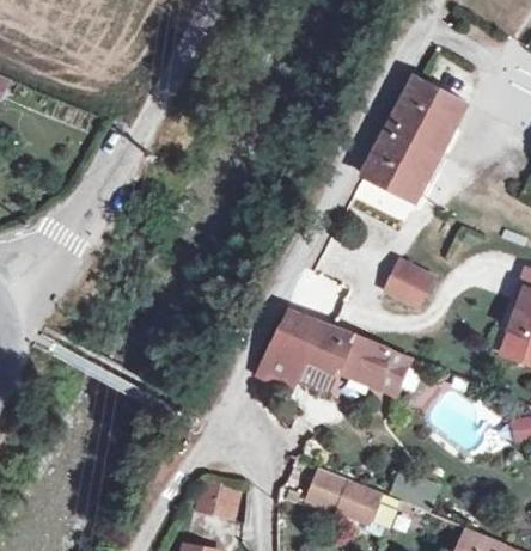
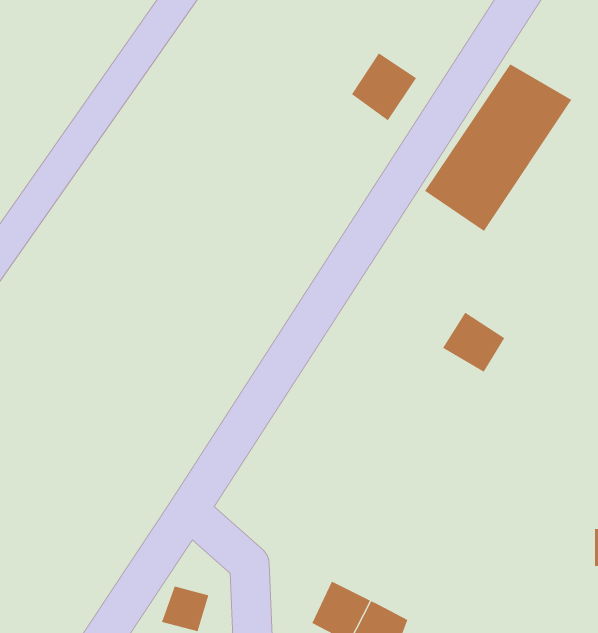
building: none -> [351,52,417,121]
building: [256,312,409,393] -> none

